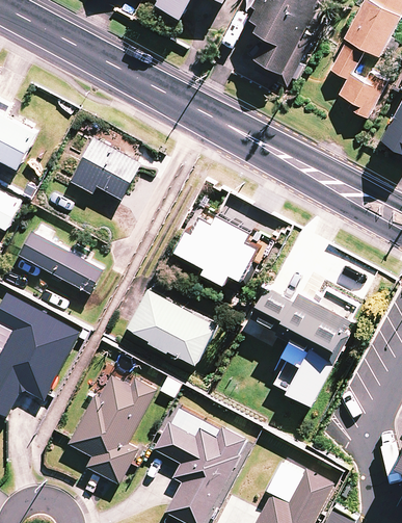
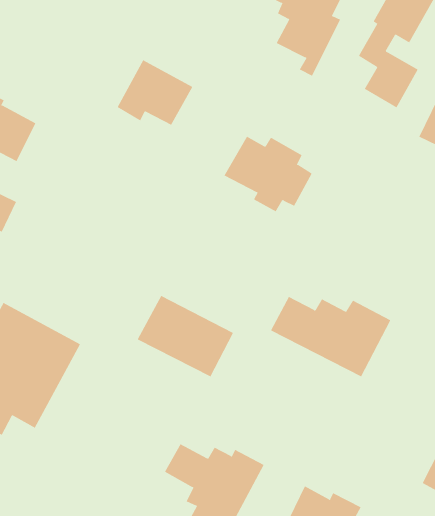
building: [70,138,139,199] -> [117,59,193,126]
building: [176,213,257,283] -> [224,136,313,212]
building: [20,232,101,293] -> none
building: [68,374,156,483] -> none

